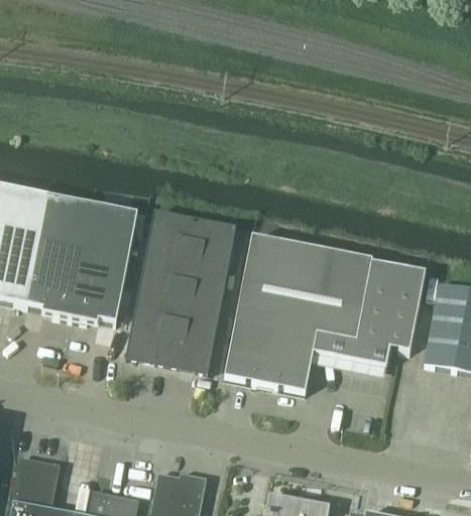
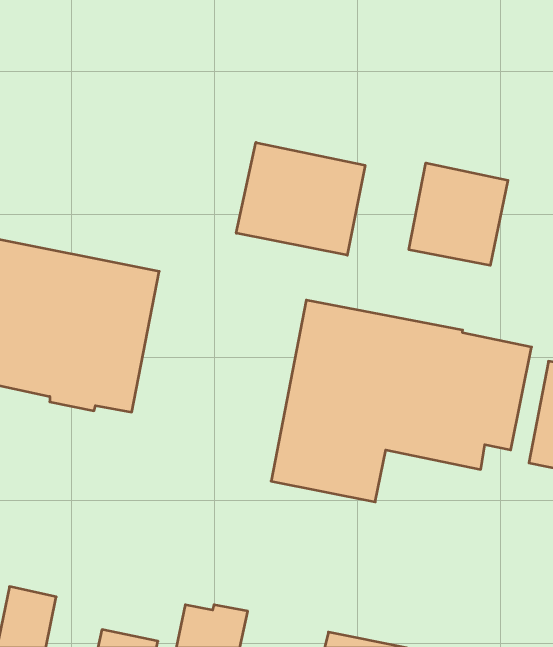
building: none -> [236,142,365,255]
building: none -> [409,163,508,265]
building: [126,211,236,369] -> none

